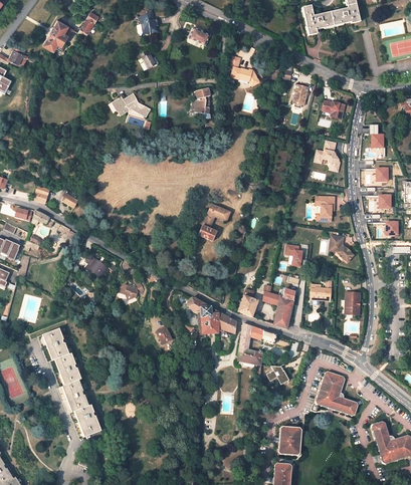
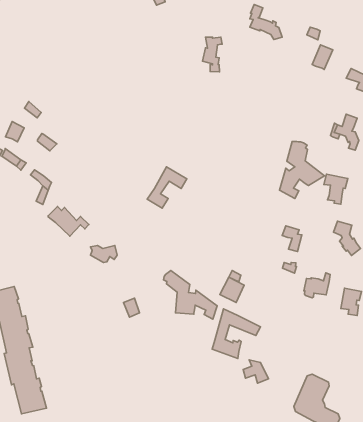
building: [114,93,150,116] -> none
building: none -> [280,141,324,198]
building: [198,204,230,240] -> [147,167,187,208]
building: [262,288,295,328] -> none

